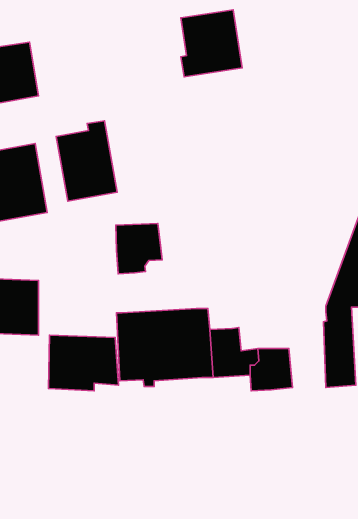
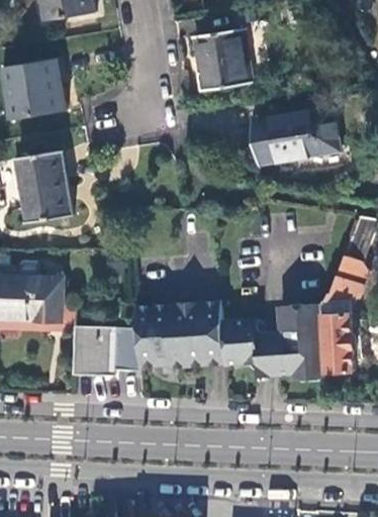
building: none -> [251,106,338,163]
building: [56,121,117,201] -> none
building: [116,223,162,274] -> none
building: none -> [280,304,326,379]

